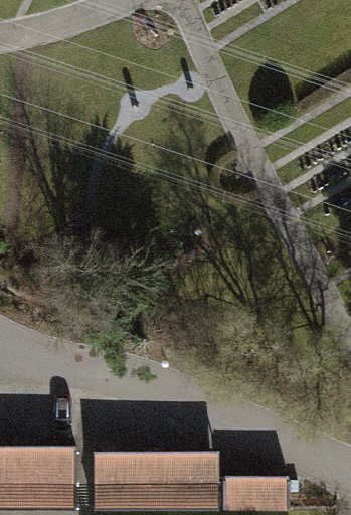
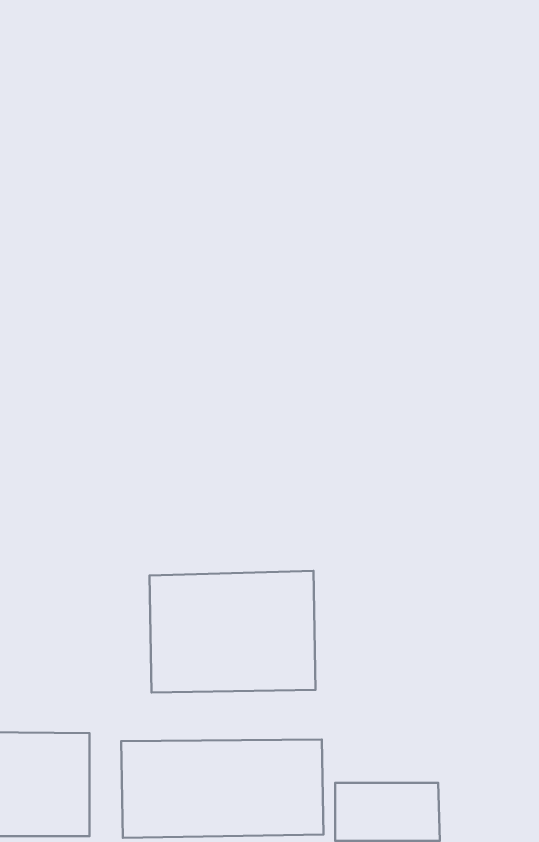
building: none -> [149,571,316,693]

